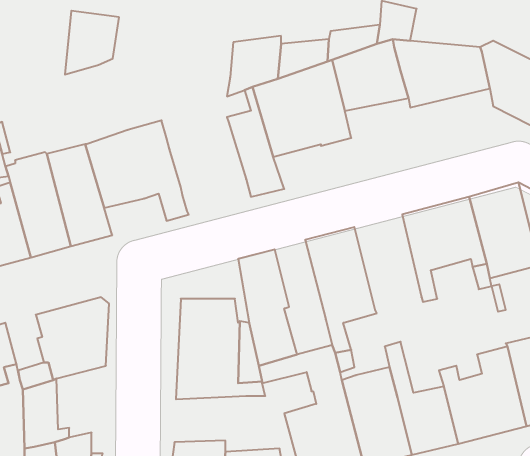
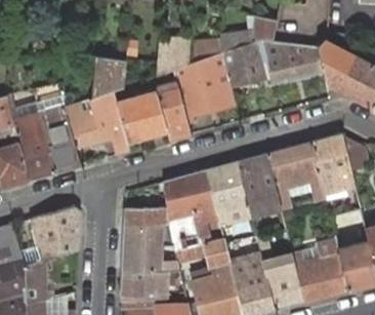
building: [65,11,119,75] -> [91,58,126,100]
building: none -> [116,94,167,142]
building: none -> [237,154,280,215]
building: none -> [185,170,218,244]
building: none -> [121,271,167,301]

